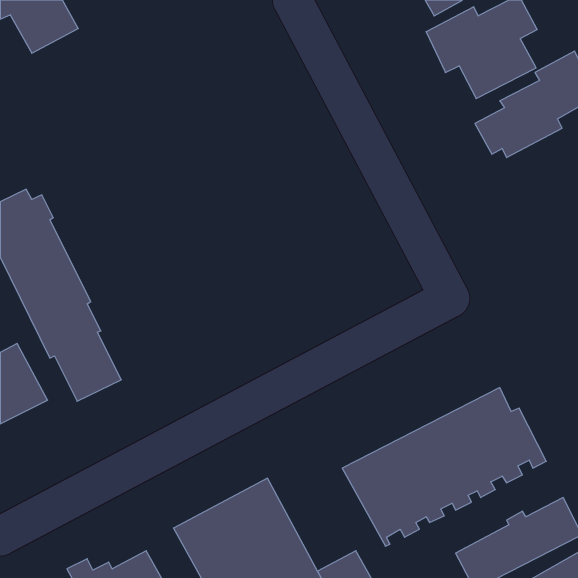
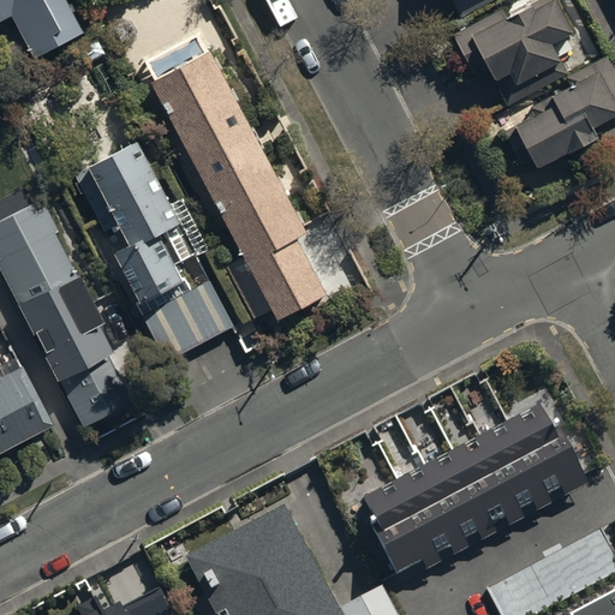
building: none -> [149,50,327,320]
building: none -> [77,142,184,301]
building: none -> [143,279,235,363]

